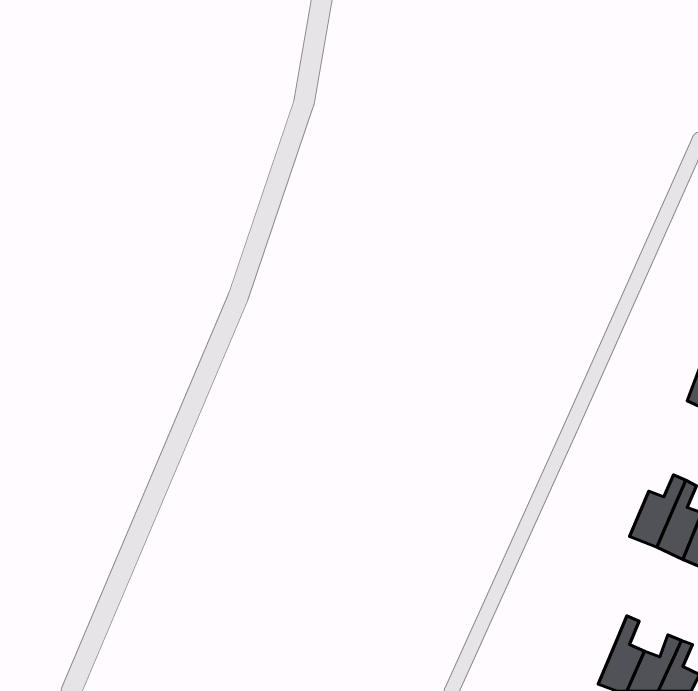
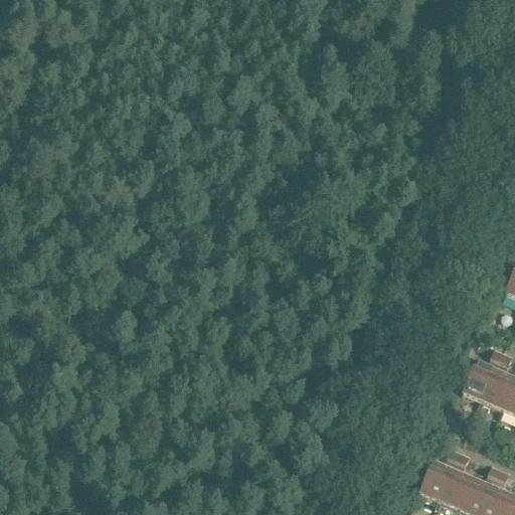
building: none -> [420,450,462,503]

